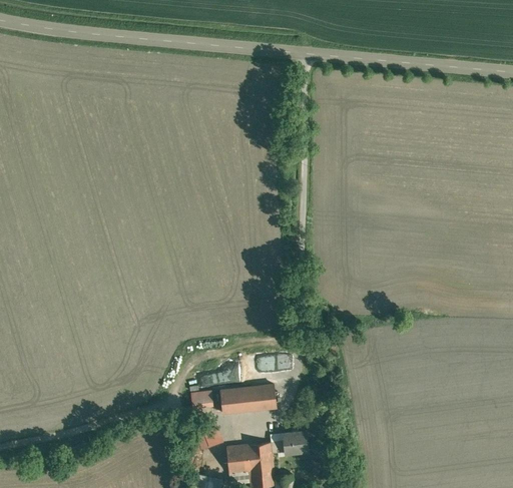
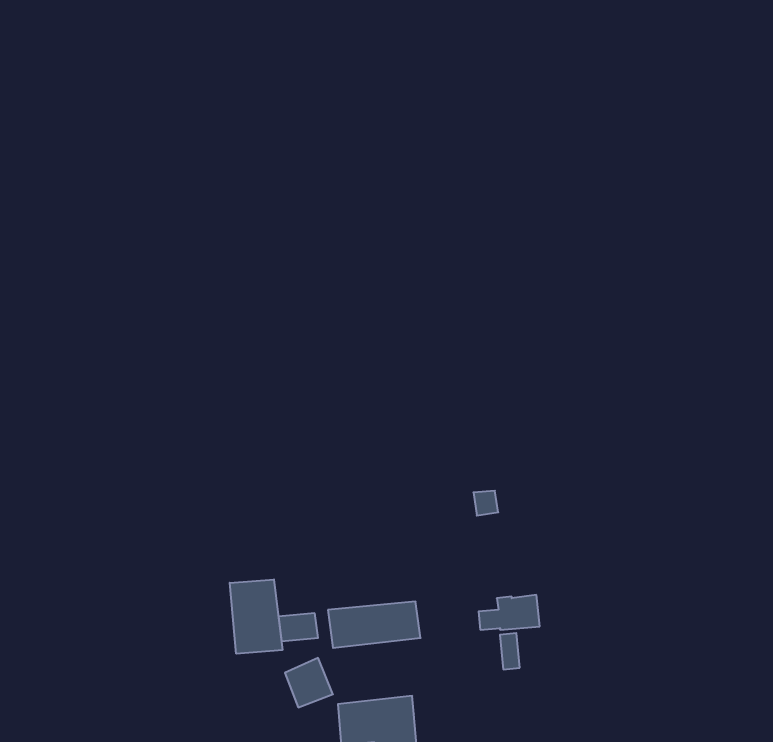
building: none -> [230,579,282,654]
building: [272,432,309,453] -> [479,595,540,630]

